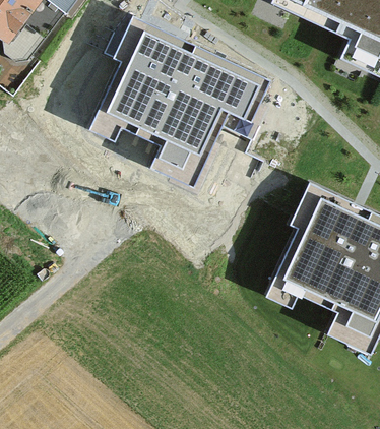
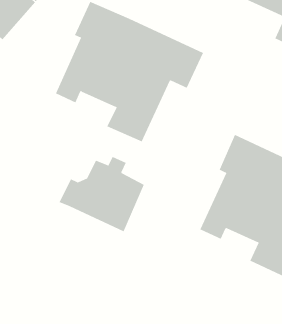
building: none -> [59,156,145,232]

